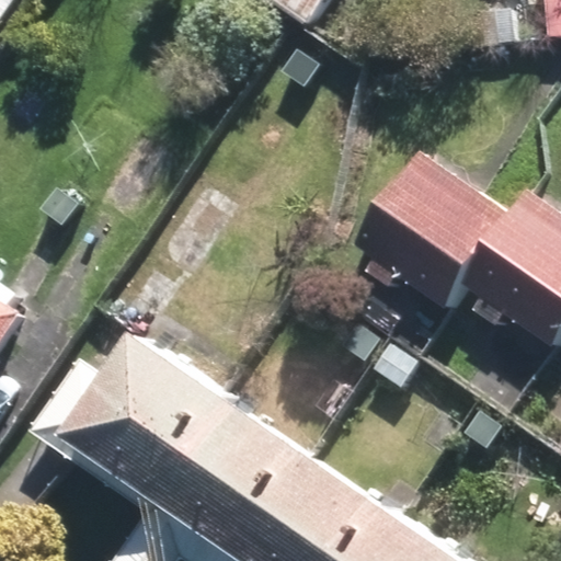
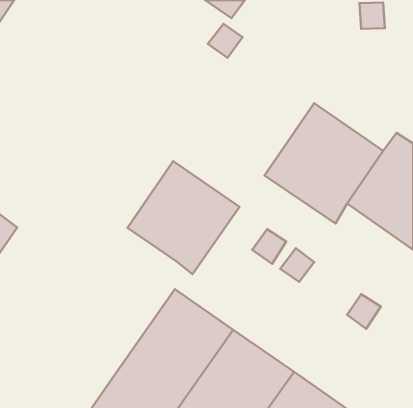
building: none -> [128,161,240,274]
building: [34,343,232,519] -> none

